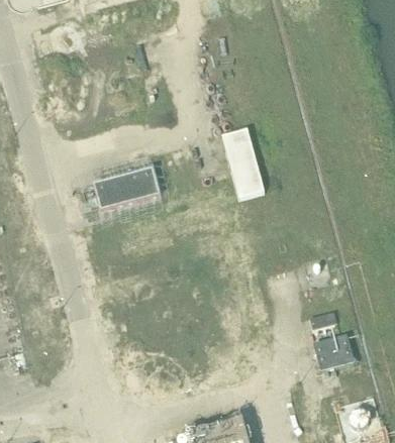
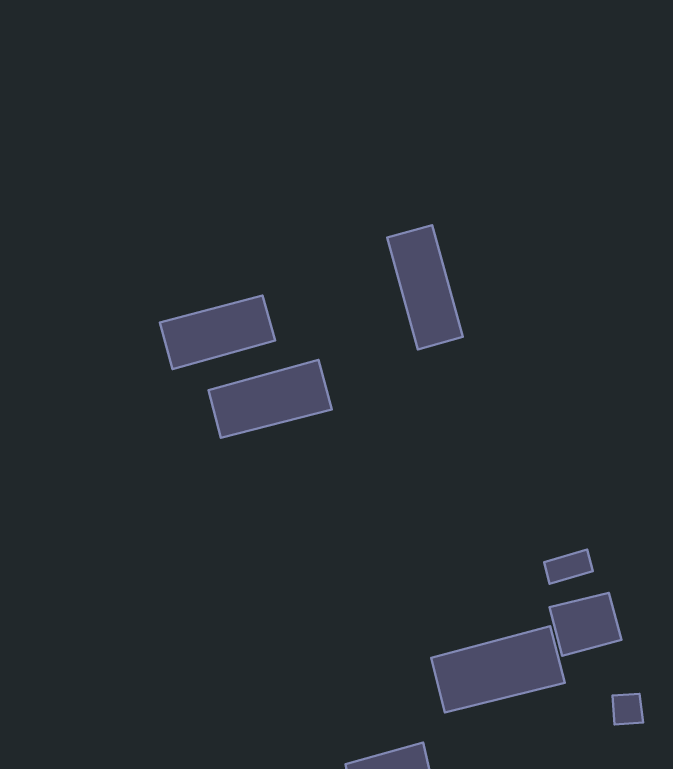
building: none -> [209,360,332,438]
building: none -> [431,626,565,712]

